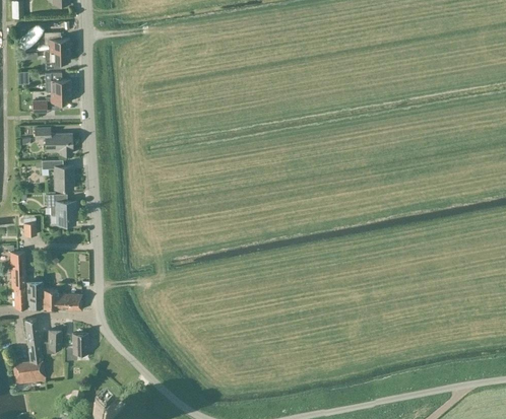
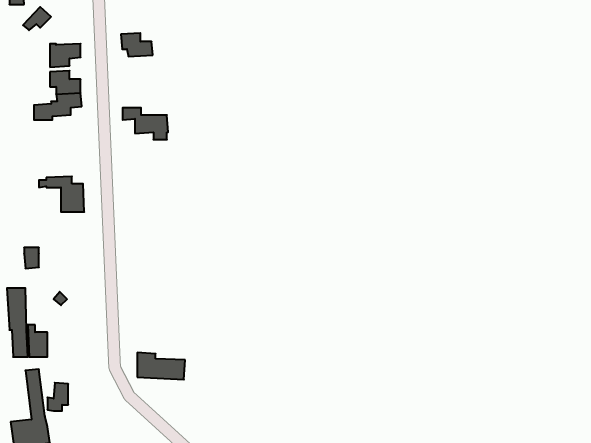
building: [44,29,70,49] -> [121,33,153,56]
building: [35,126,72,152] -> [123,108,168,140]
building: [46,192,75,222] -> none
building: [43,286,82,308] -> [137,353,185,380]
building: [66,331,87,357] -> none

